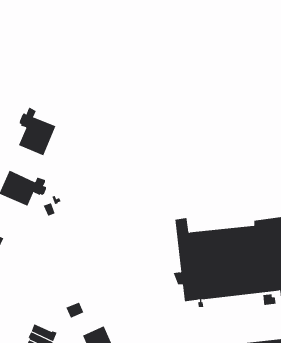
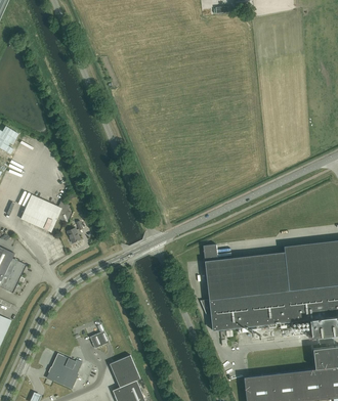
building: [18,107,56,156] -> none

